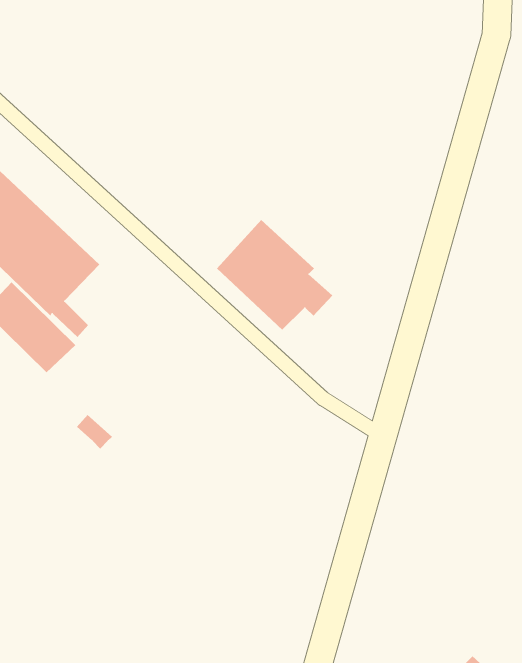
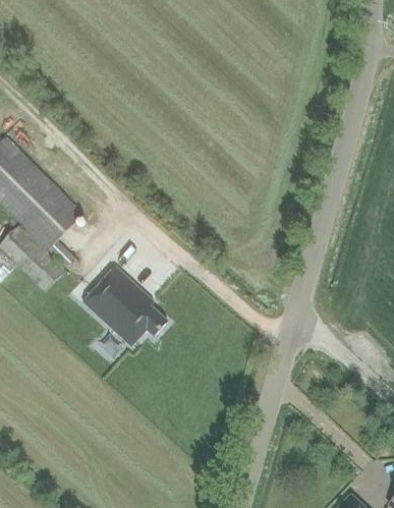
building: [216,219,333,331] -> [81,264,166,344]

